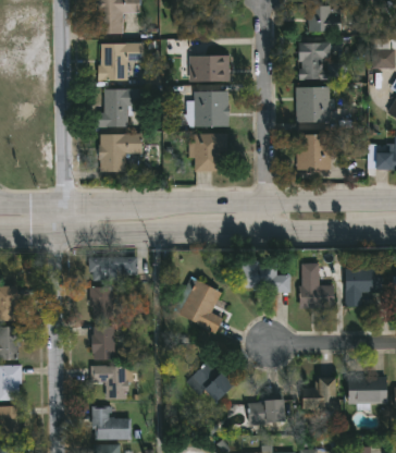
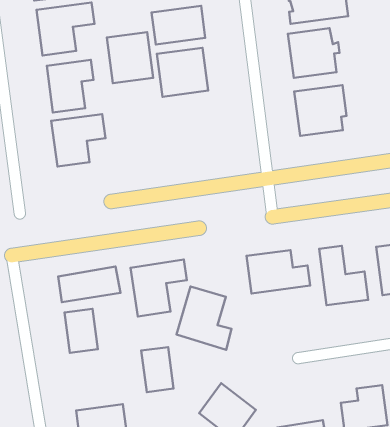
building: [194,132,226,169] -> [107,32,153,83]
building: none -> [130,259,187,316]
building: [91,327,113,360] -> [141,347,174,392]

